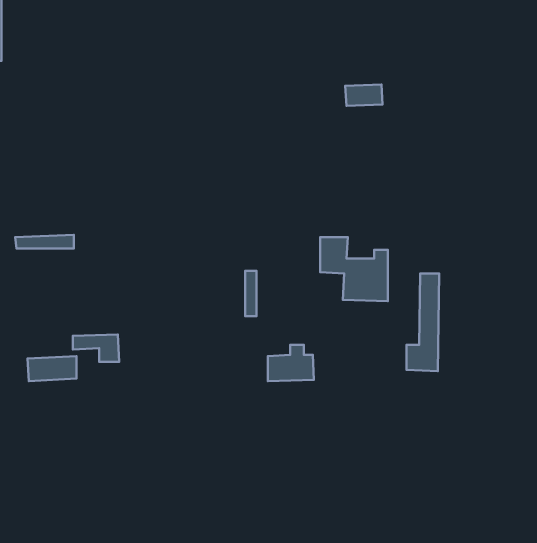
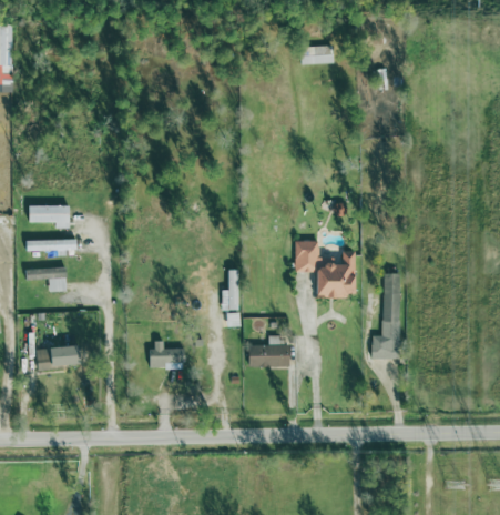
building: [345,85,383,106] -> [300,46,334,64]
building: none -> [28,204,69,228]
building: [73,334,119,362] -> [25,266,67,291]
building: none -> [151,341,184,368]

